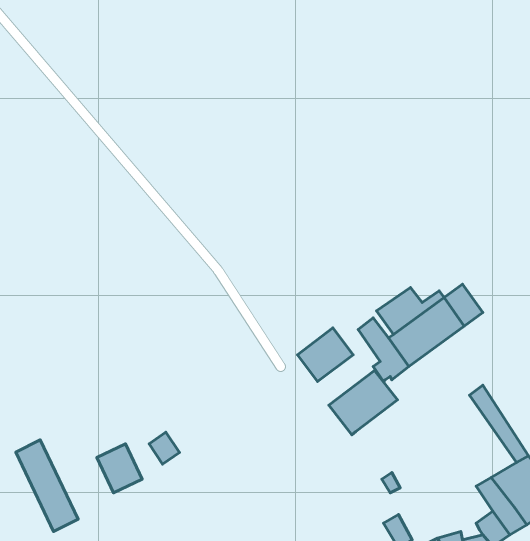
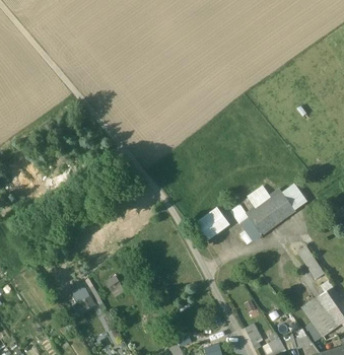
building: [329,370,398,435] -> none
building: [16,440,78,532] -> none

